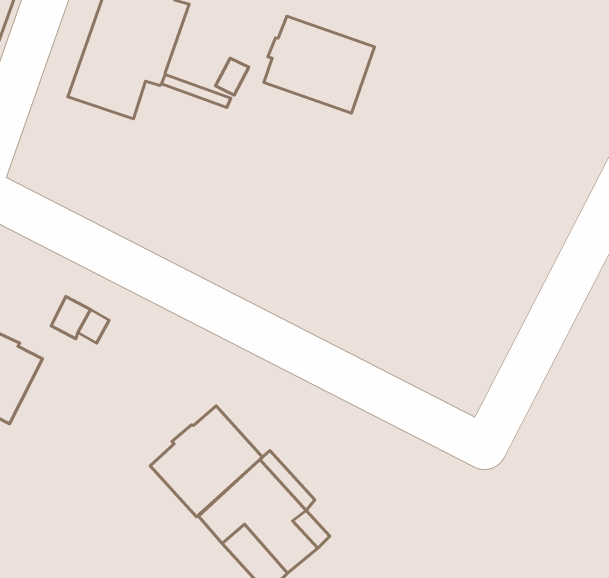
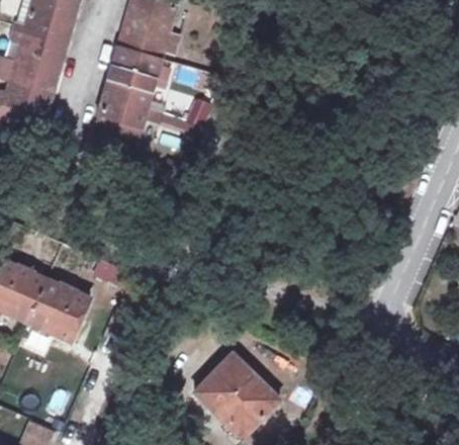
building: [264,16,374,113] -> none
building: [150,406,262,517] -> none

